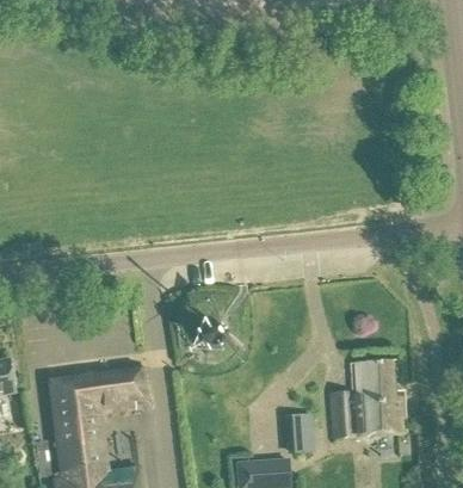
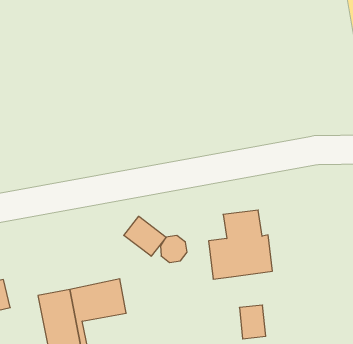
building: none -> [124,216,166,256]
building: [333,360,406,438] -> [209,210,272,279]

